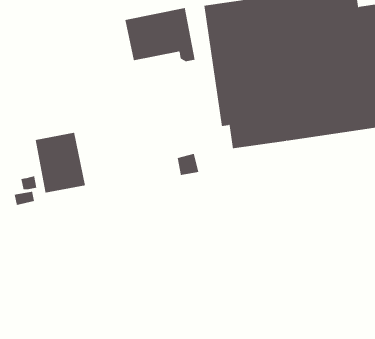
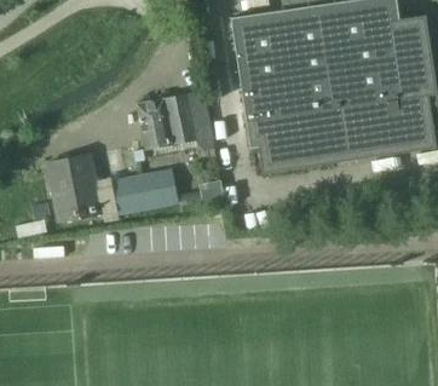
building: [124,7,195,62] -> [137,92,214,151]
building: none -> [114,168,179,217]

